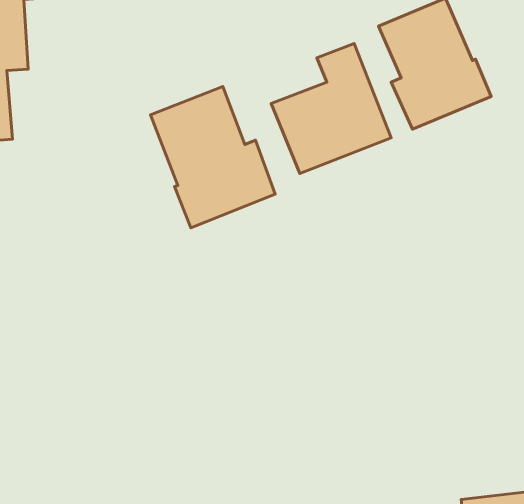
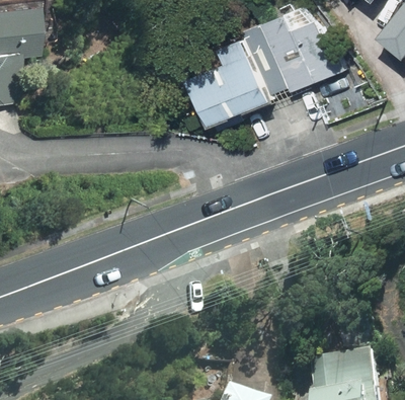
building: [150,86,275,228] -> none

